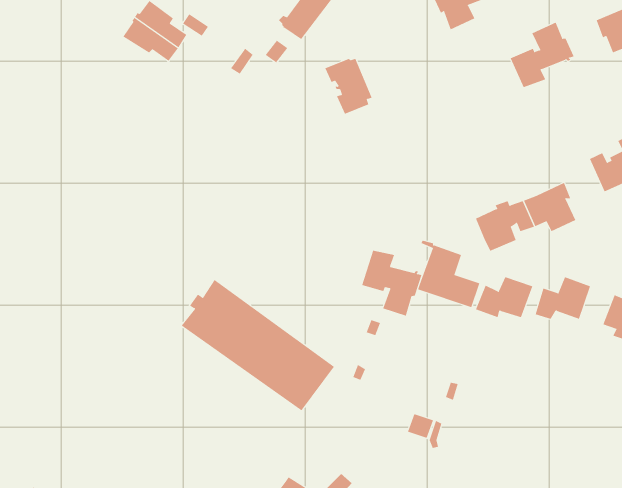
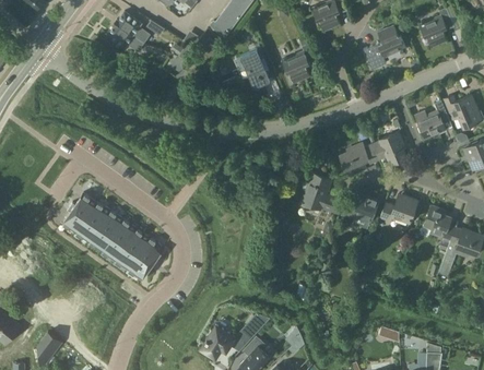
building: none -> [281,36,316,82]
building: [361,250,422,317] -> none
building: [181,279,335,411] -> [60,192,162,279]

